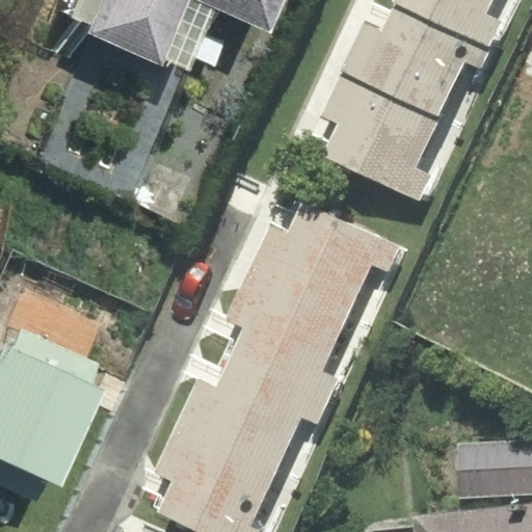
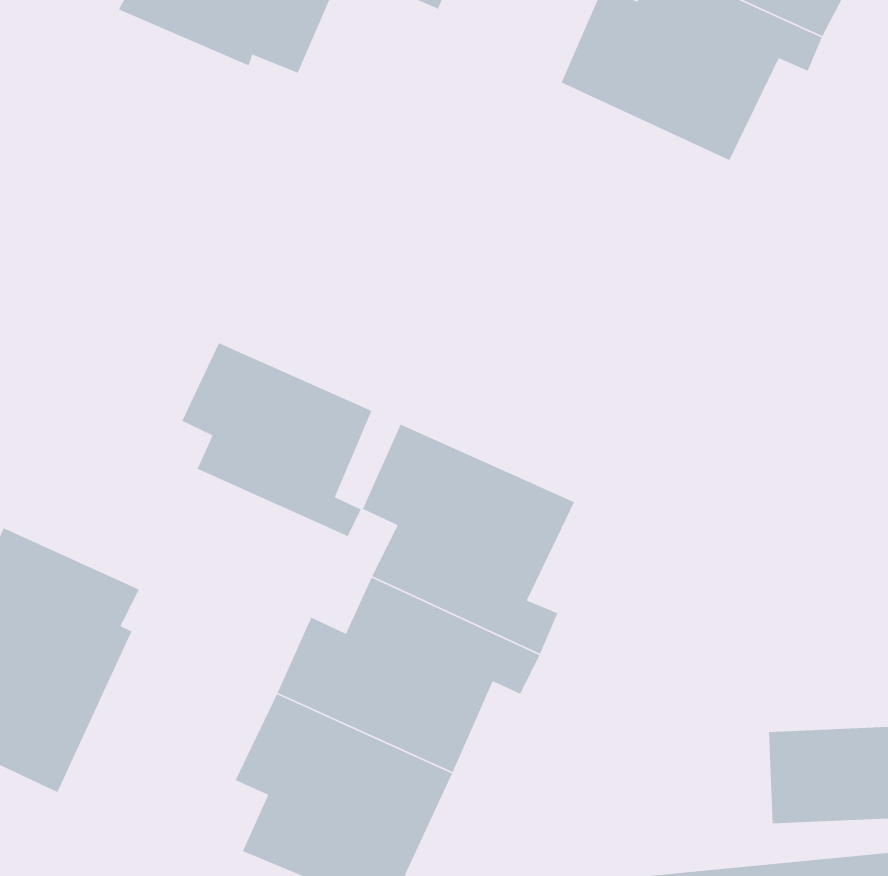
building: [320,75,436,200] -> none
building: [248,202,399,314] -> none
building: none -> [181,342,372,537]

